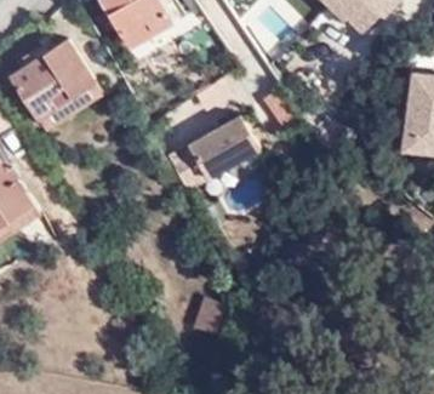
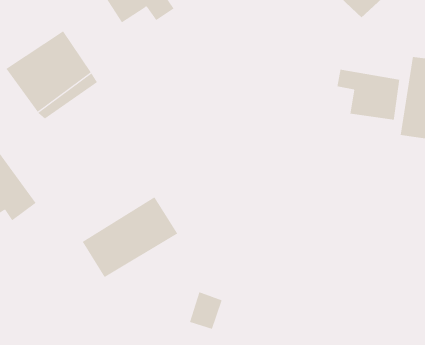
building: none -> [337,69,400,121]
building: [169,113,263,193] -> [82,196,178,278]

